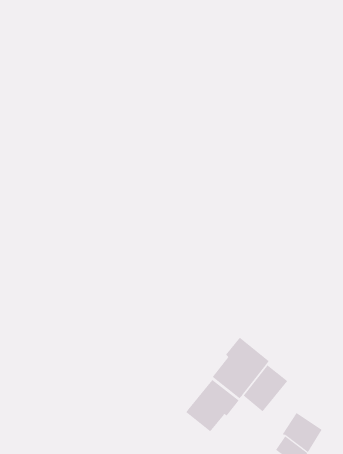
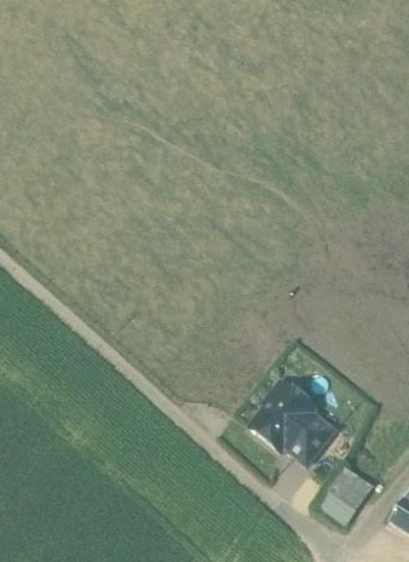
building: [186,379,239,432] -> none

